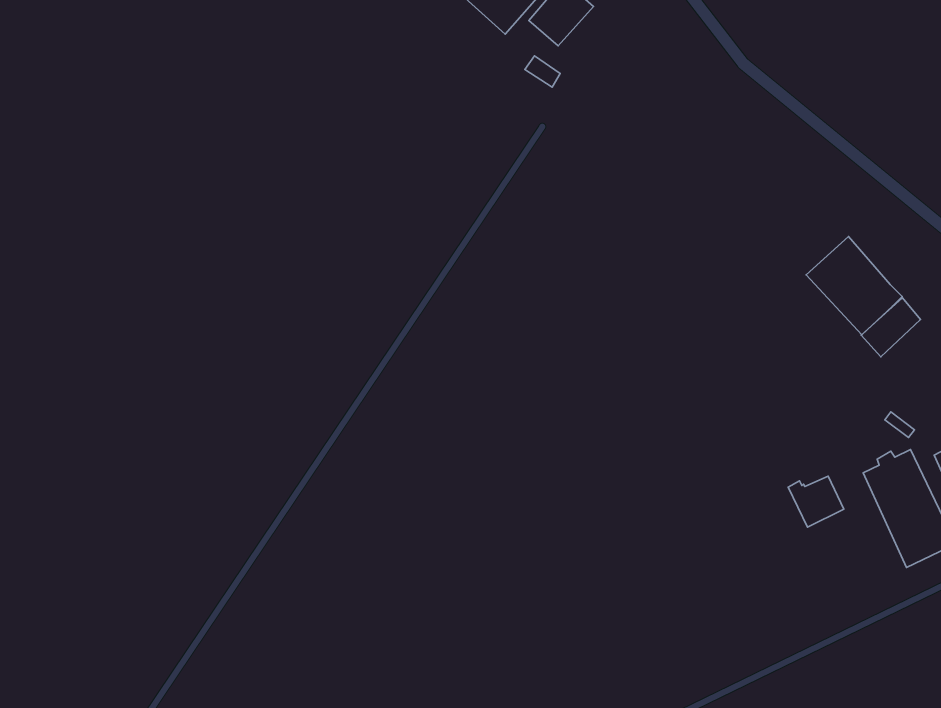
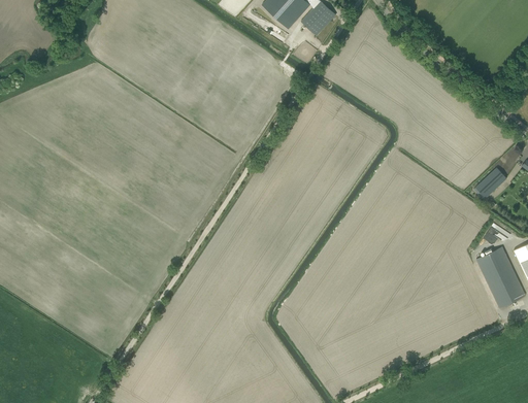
building: [806,236,902,335] -> none
building: [788,476,844,527] -> none

